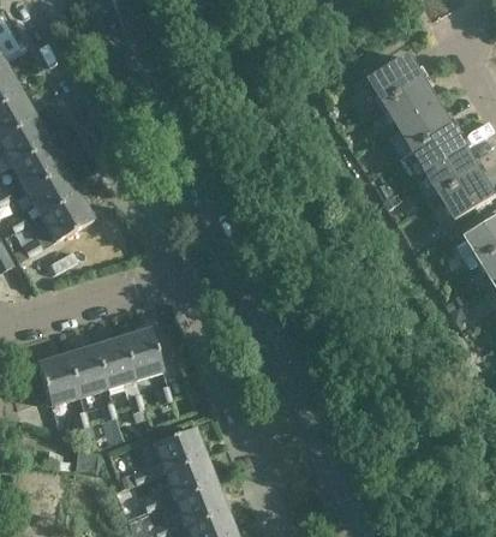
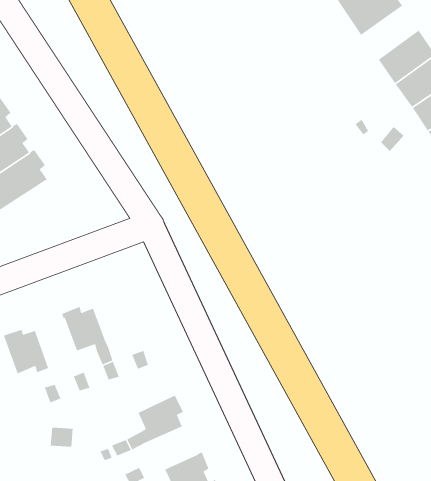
building: [386,80,440,129] -> none
building: [120,332,162,374] -> none
building: [65,348,107,392] -> none
building: [168,454,211,499] -> none

